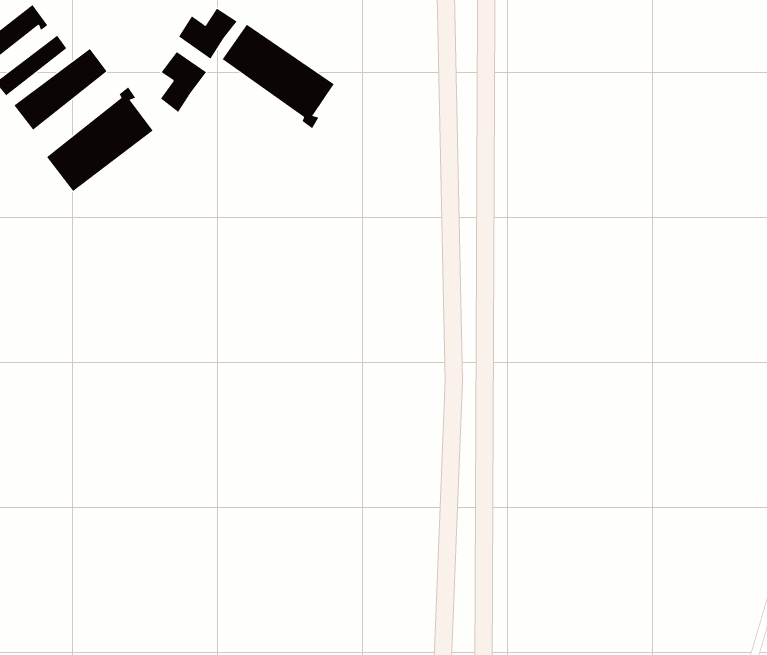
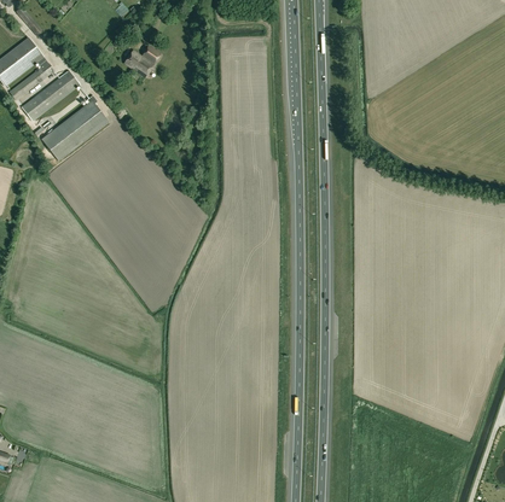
building: [222,24,334,129] -> none
building: [160,51,207,113] -> none

